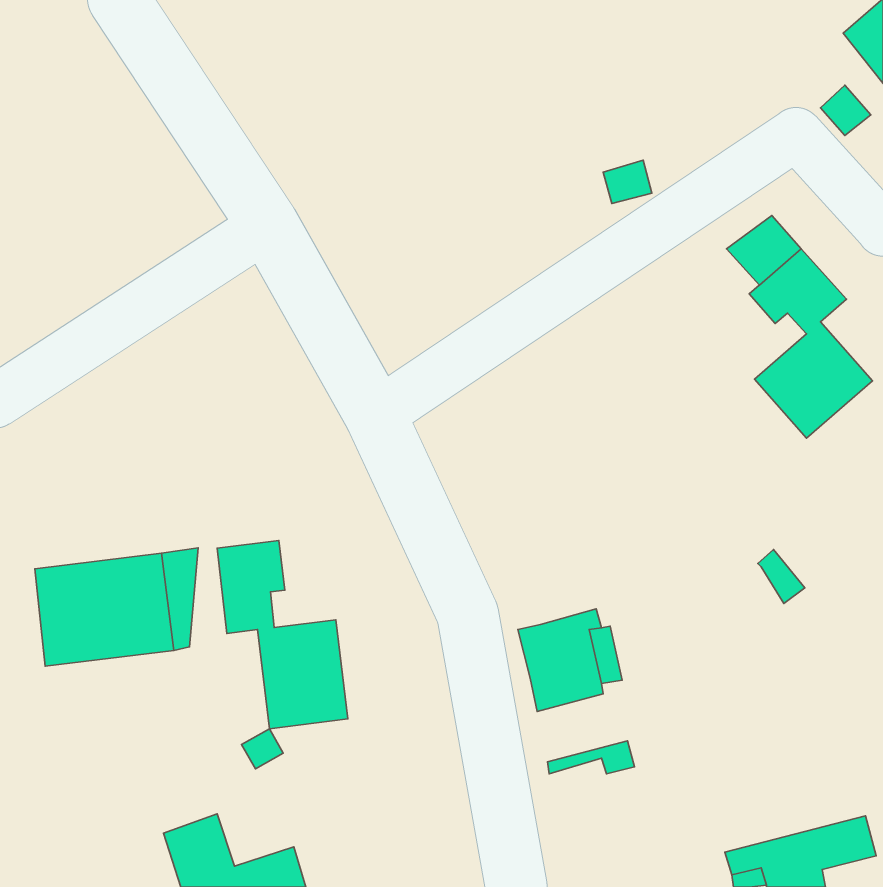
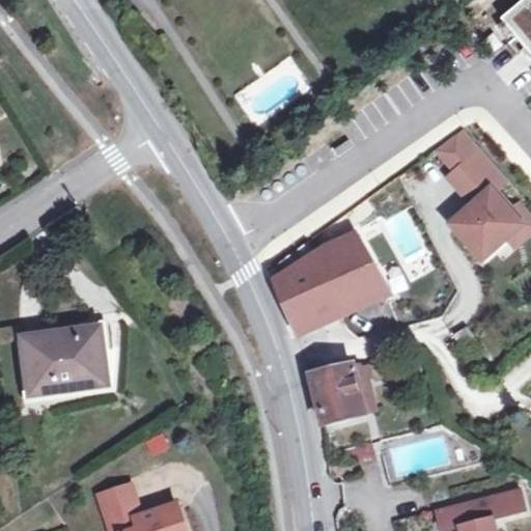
building: none -> [273,233,389,335]
building: [217,540,348,729] -> none

